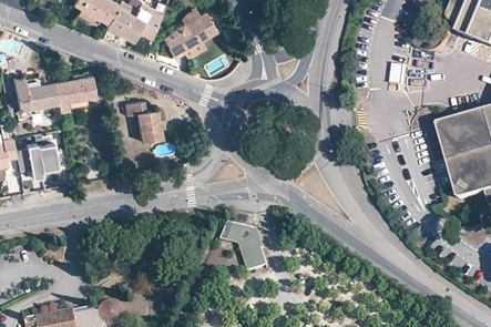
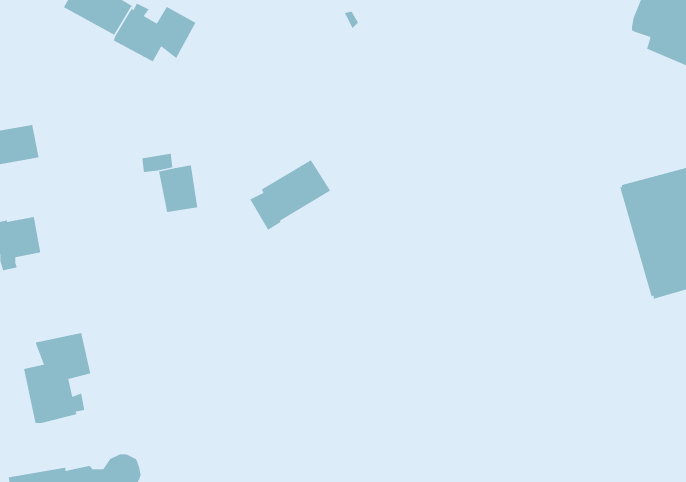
building: [164,12,218,60] -> [249,159,331,231]
building: [53,75,96,105] -> none
building: none -> [23,332,91,424]
building: [222,224,267,273] -> none

